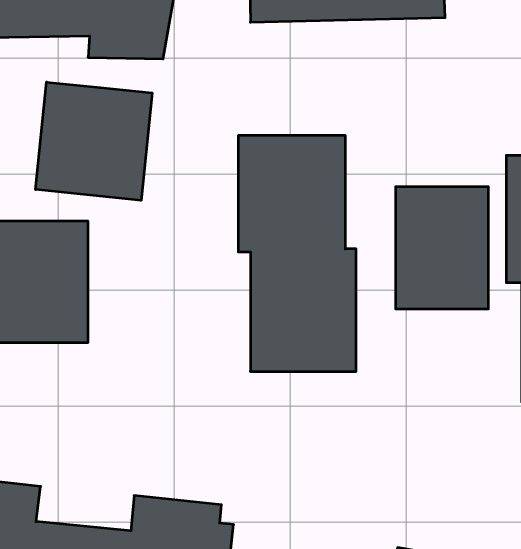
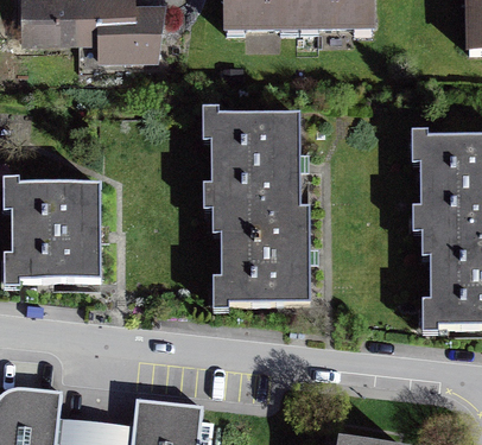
building: [36,82,152,200] -> none
building: [396,187,488,309] -> none

